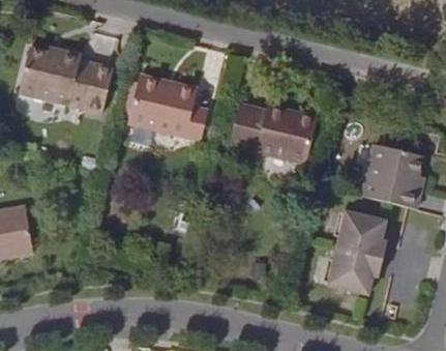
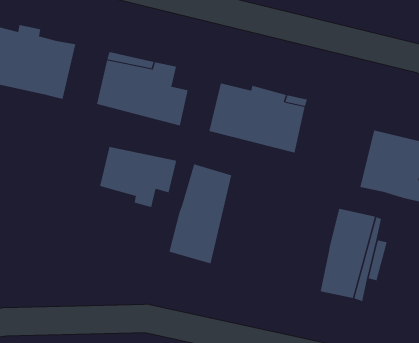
building: none -> [100,146,177,208]
building: none -> [169,164,232,264]

